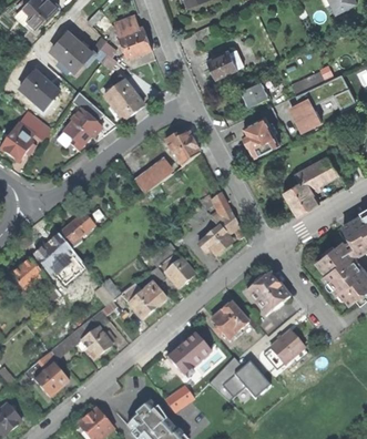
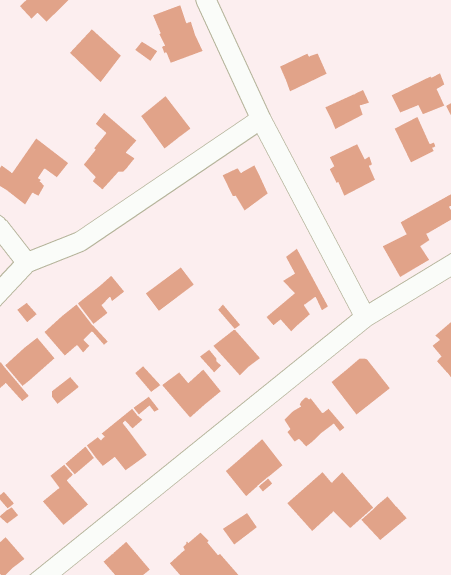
building: [20,72,54,111] -> none
building: [134,161,171,194] -> [145,266,195,312]
building: [268,330,303,364] -> [361,496,407,541]

